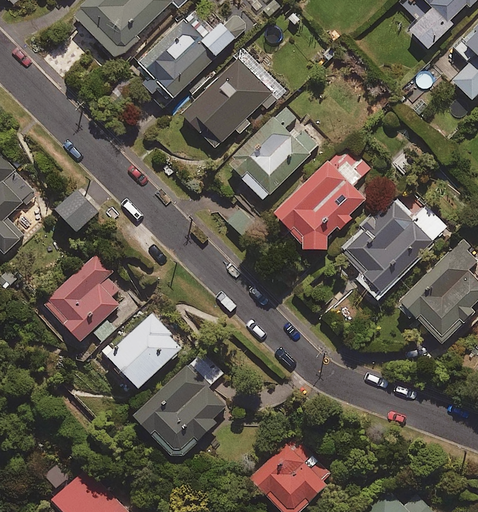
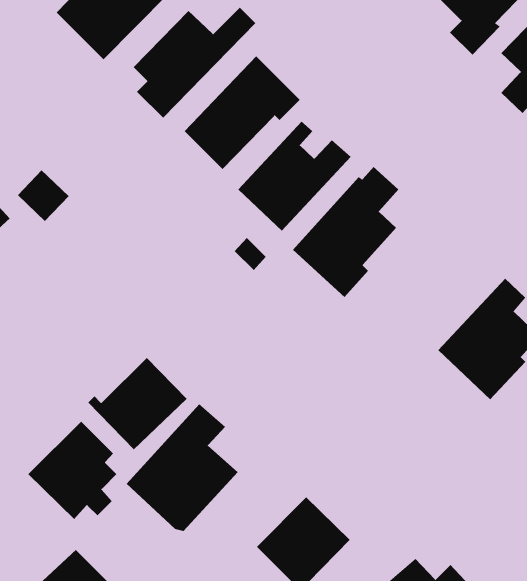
building: [56,190,101,235] -> [17,170,69,222]
building: [342,201,447,296] -> none
building: [42,258,119,343] -> [28,421,117,520]

